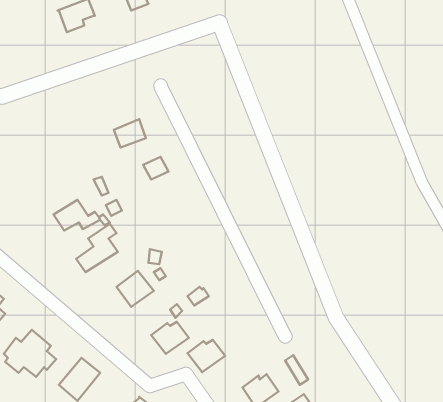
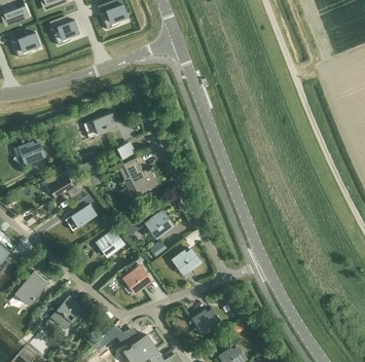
building: none -> [11,32,40,58]
building: none -> [17,141,44,164]
building: none -> [122,157,158,197]
building: none -> [145,212,173,238]
building: [187,340,225,372] -> [172,249,200,274]

